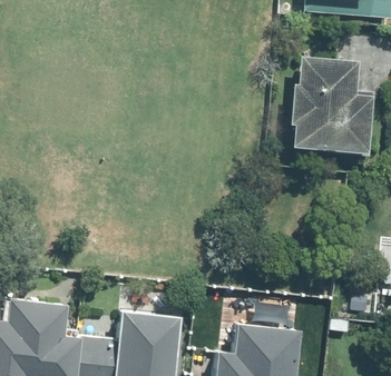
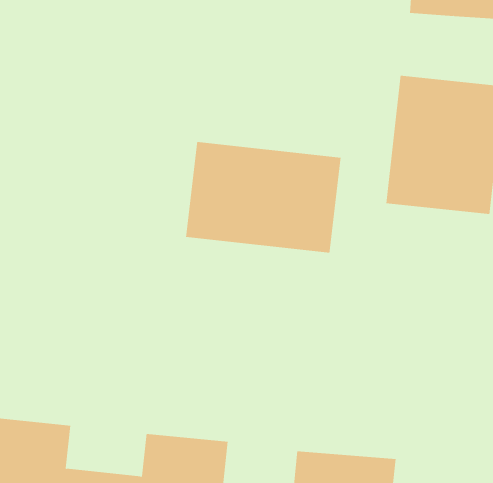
building: none -> [185,141,341,254]

